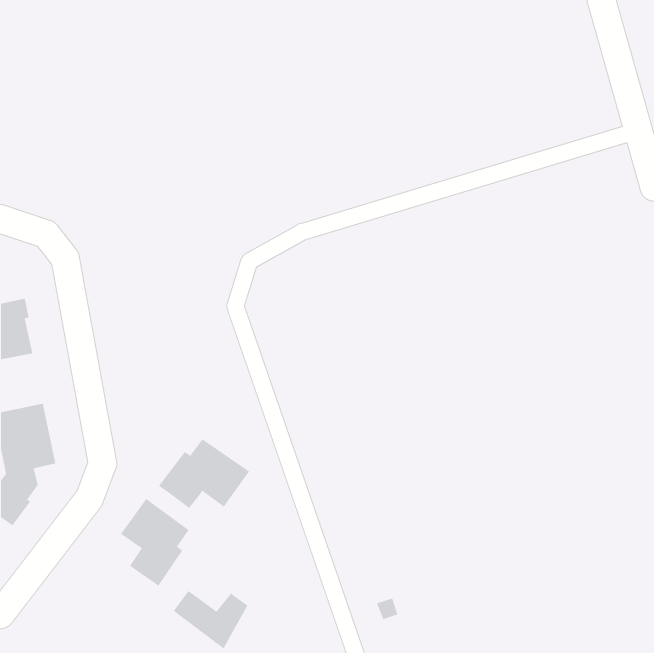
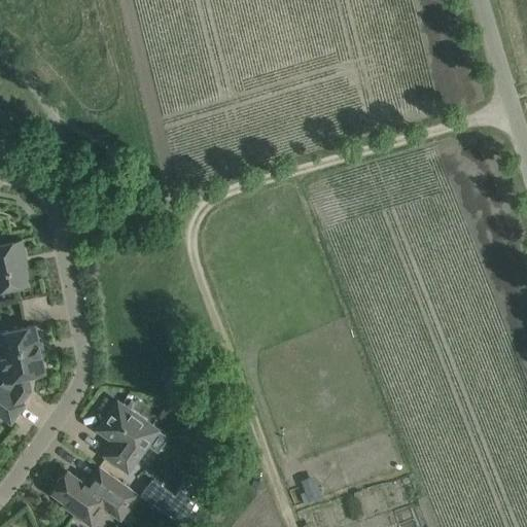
building: [158,438,250,509] -> none
building: none -> [51,467,138,521]

